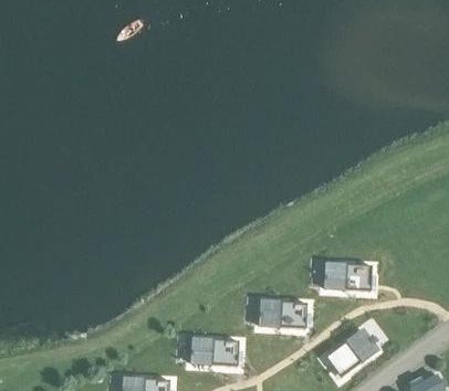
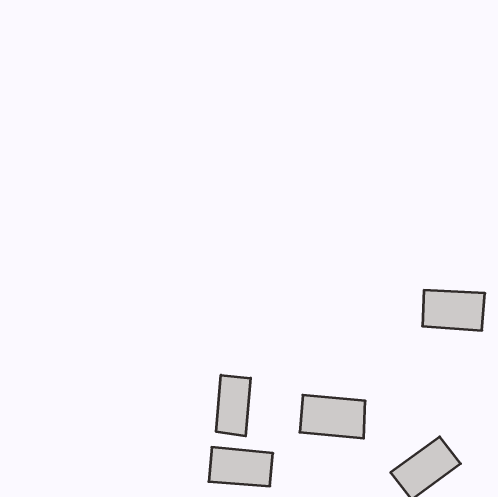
building: [325,262,372,292] -> [422,290,485,330]
building: none -> [216,375,251,436]

